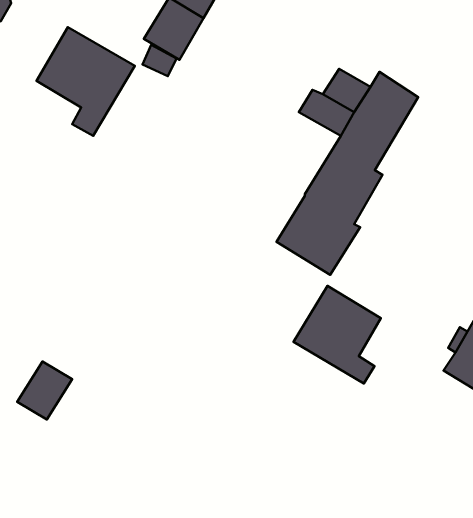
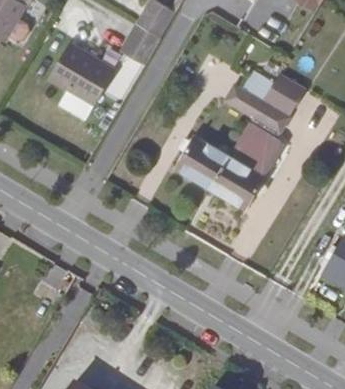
building: none -> [175,135,229,187]
building: [294,286,381,383] -> none

